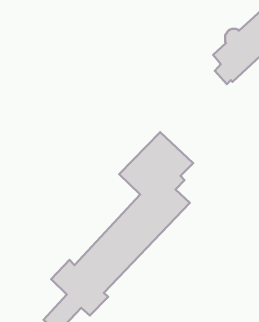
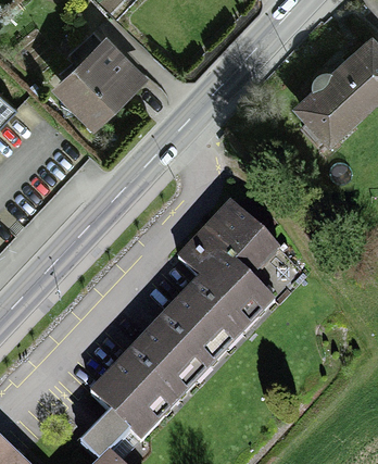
building: none -> [62,40,140,117]

